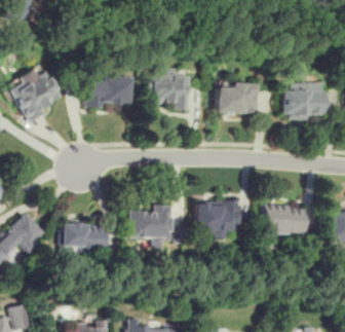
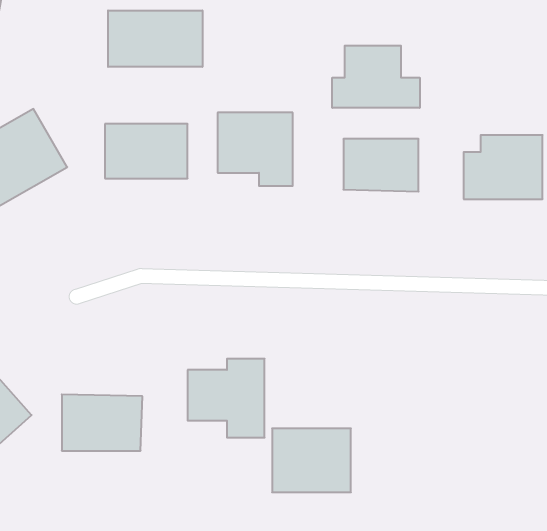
building: none -> [108,10,202,67]
building: none -> [332,46,420,108]
building: [196,200,239,235] -> [272,428,351,492]
building: [264,206,306,248] -> none

